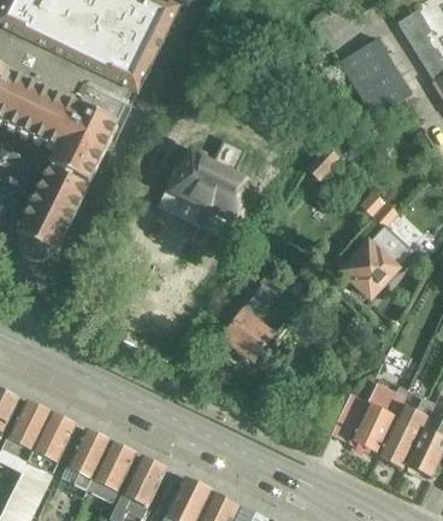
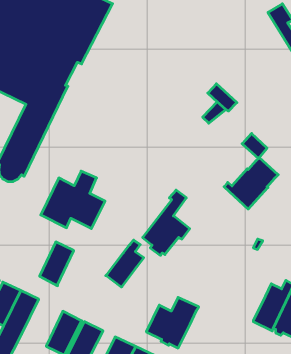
building: [339,39,412,118] -> none
building: [166,141,256,222] -> [41,171,105,229]
building: none -> [106,240,144,287]
building: [332,384,406,455] -> [146,297,199,348]
building: [61,429,110,491] -> [40,242,74,286]

